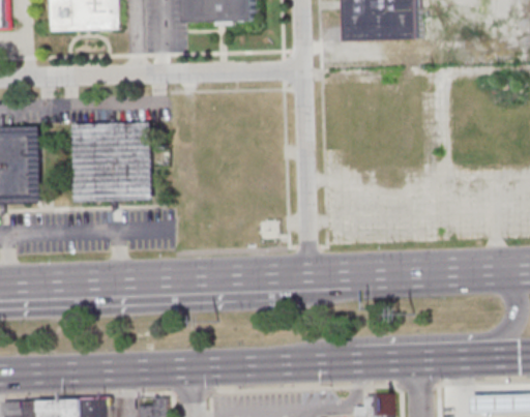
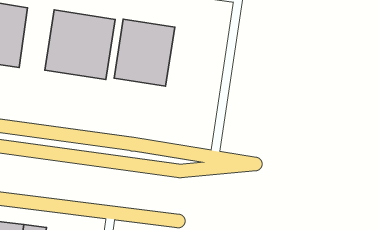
building: none -> [114,19,175,86]

